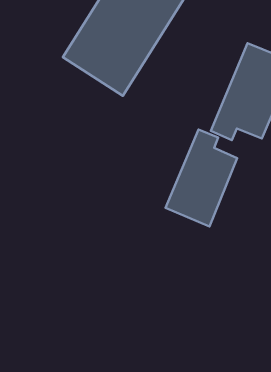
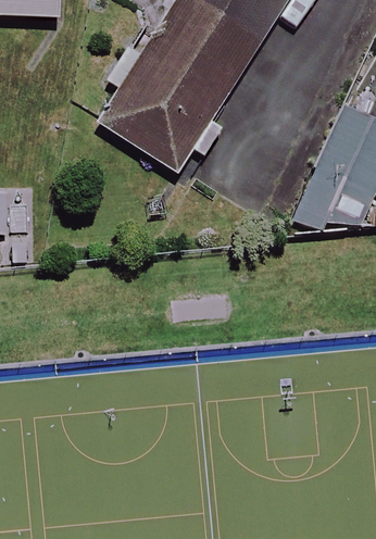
building: [166,129,237,226] -> none

